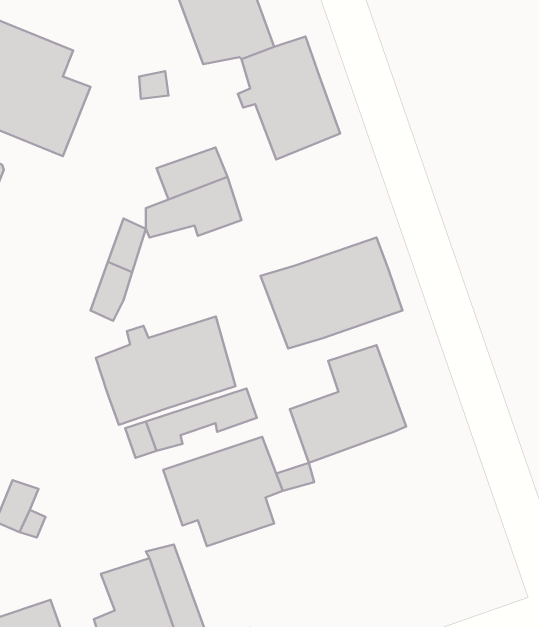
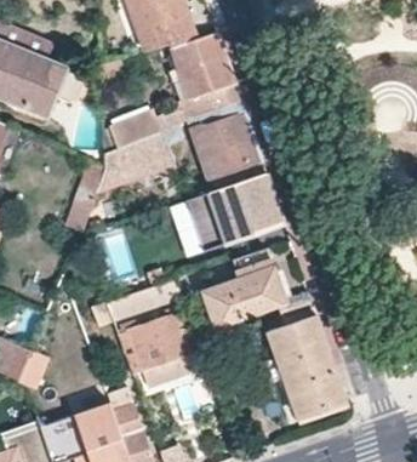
building: none -> [190,101,262,177]
building: [96,317,235,425] -> none
building: none -> [268,297,347,418]

